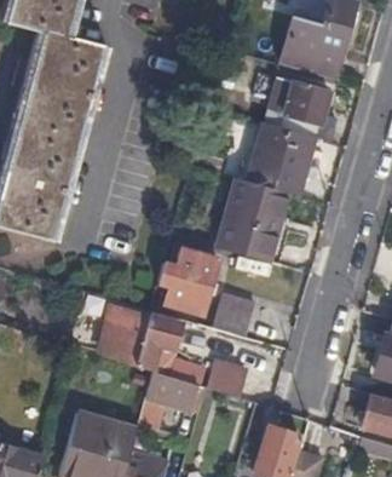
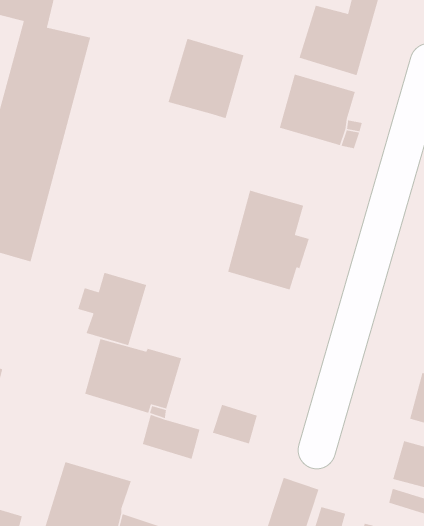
building: [247,122,313,192] -> [167,38,244,119]
building: [157,248,218,312] -> [77,272,147,346]
building: [212,291,253,335] -> none

